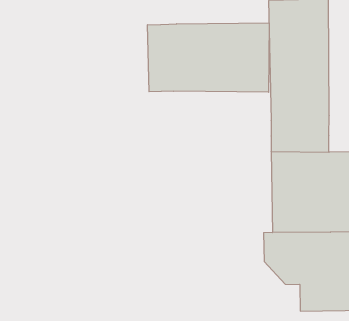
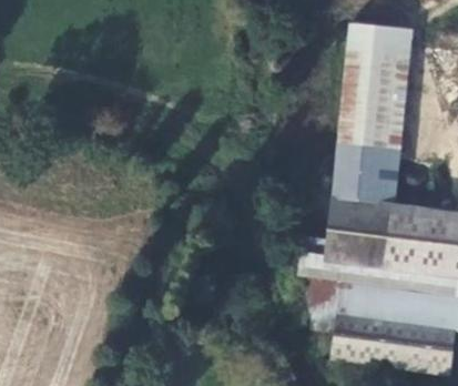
building: [148,23,269,92] -> none

